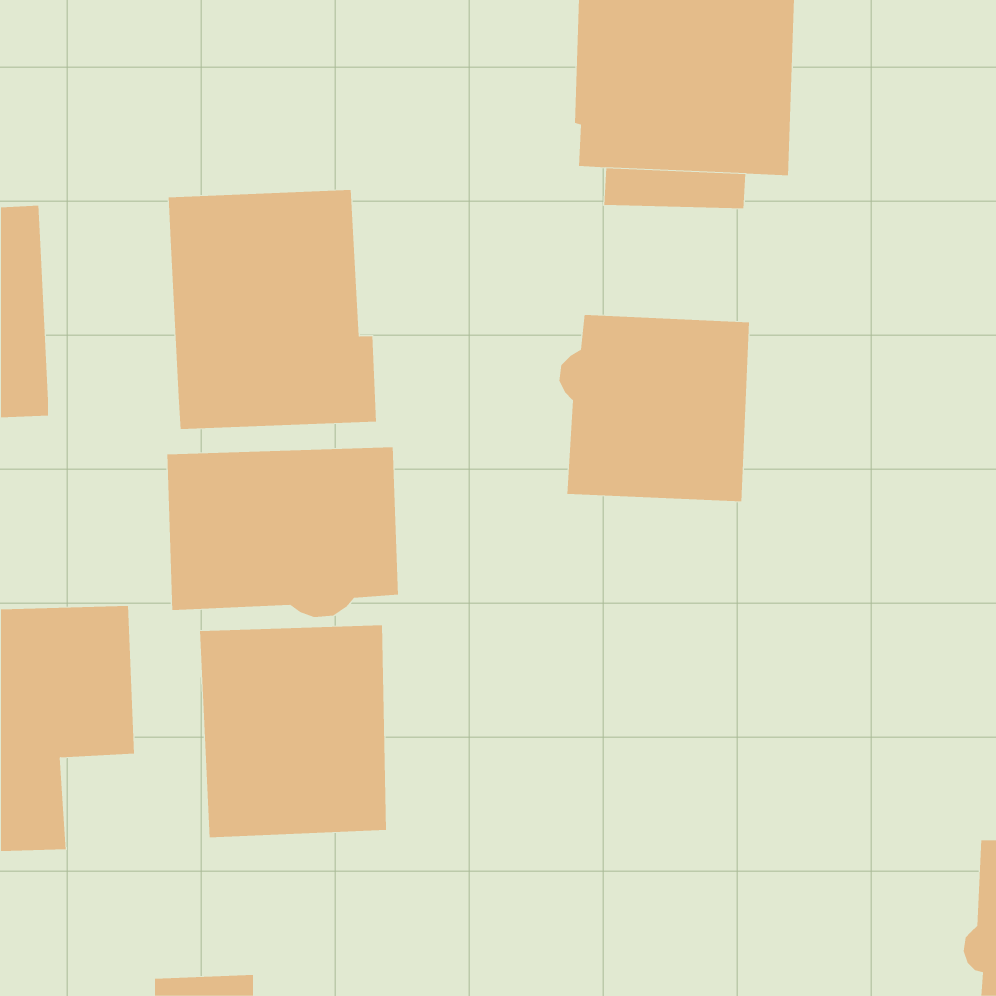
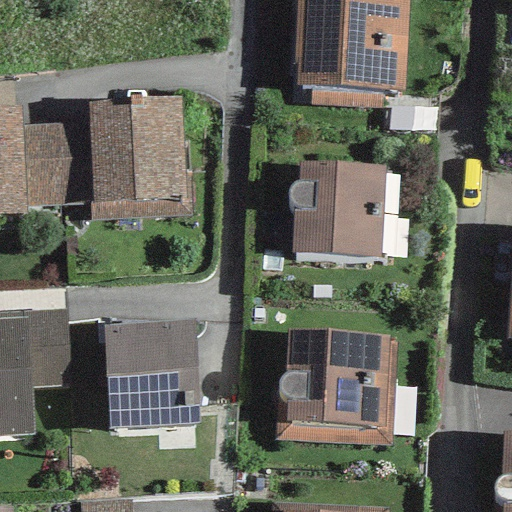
building: none -> [22,123,92,205]
building: [167,447,398,618] -> none
building: none -> [278,329,397,444]

